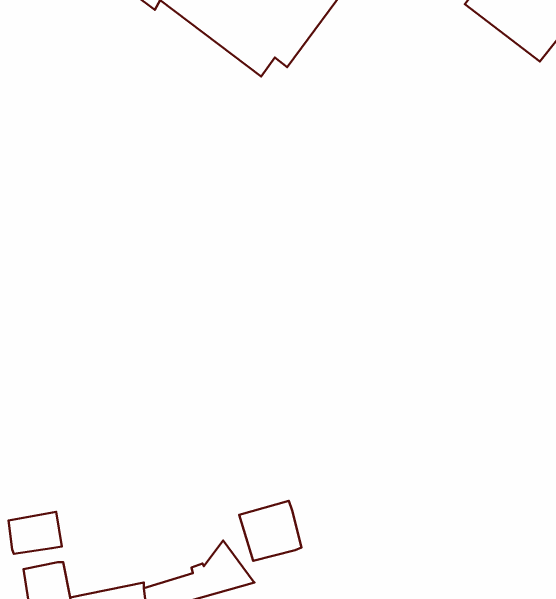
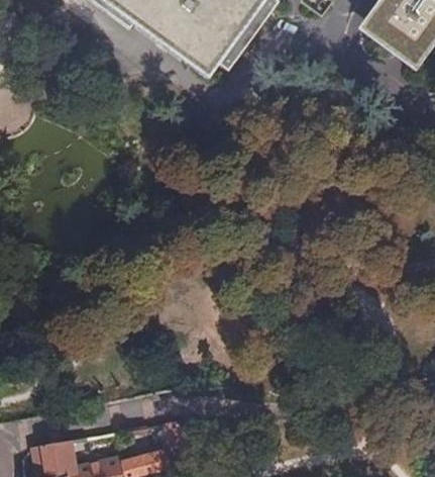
building: [239,501,301,561] -> none
building: [9,512,62,554] -> none

